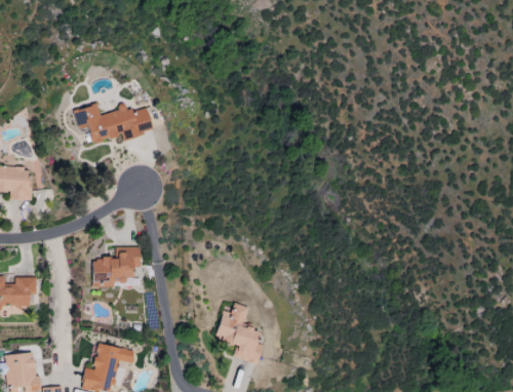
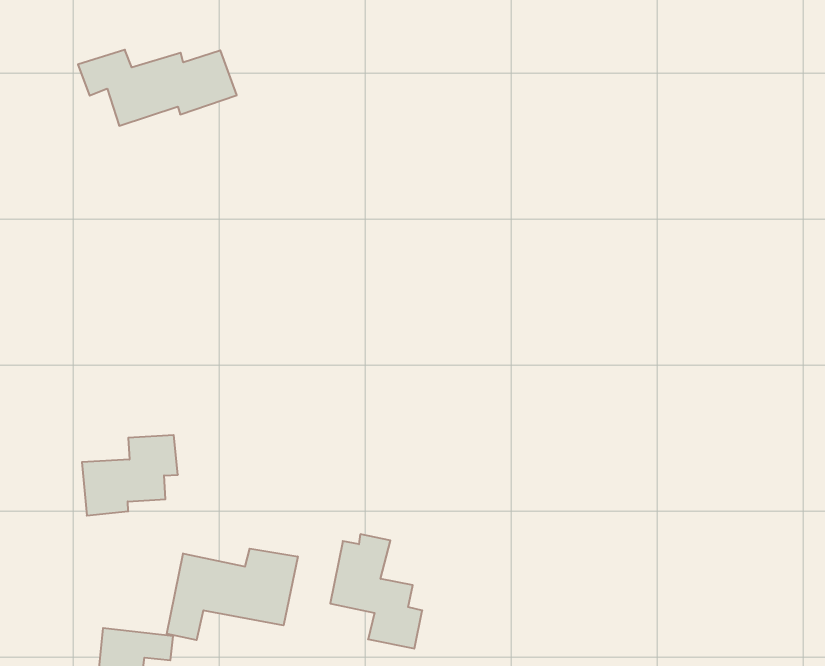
building: [72,104,153,143] -> [78,50,237,126]
building: none -> [167,549,298,640]

